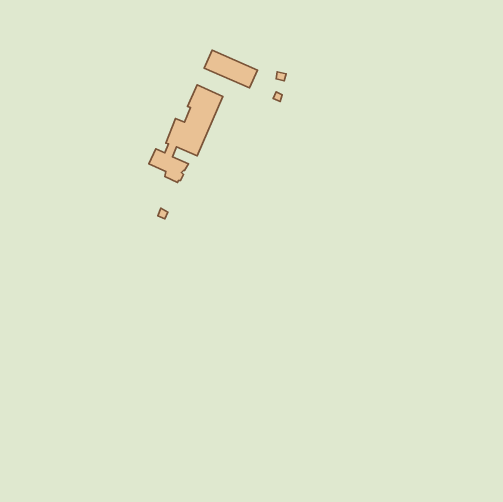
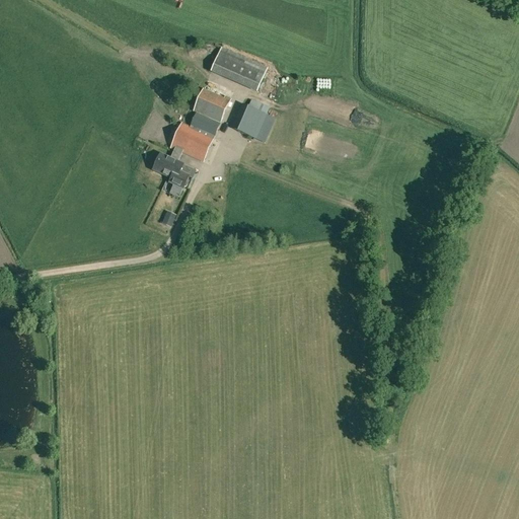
building: none -> [237,105,266,138]

